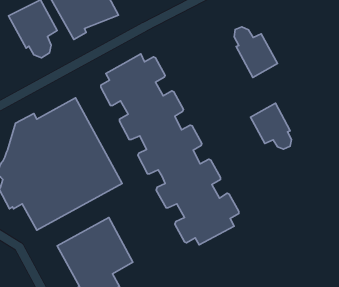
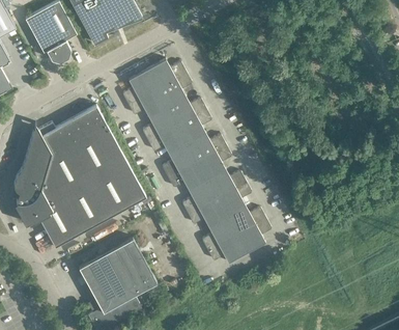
building: [234,27,277,78] -> none
building: [251,103,291,149] -> none

